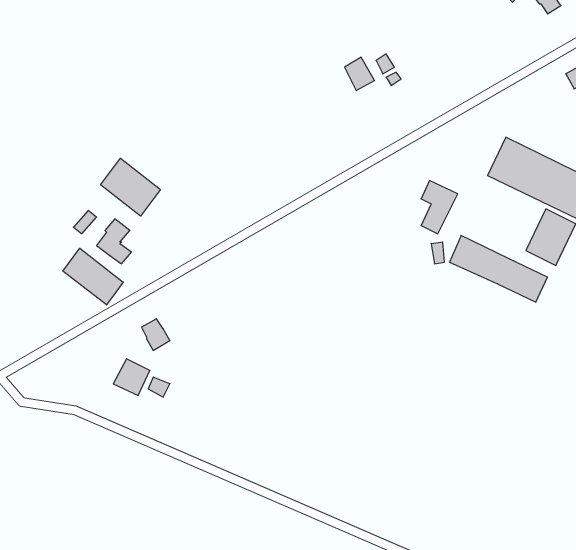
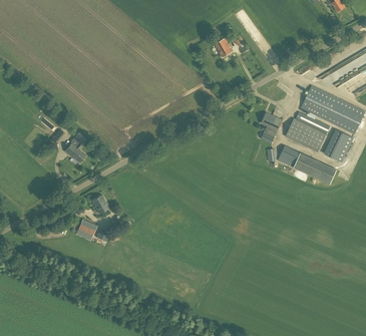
building: [101,158,160,216] -> none
building: none -> [284,110,329,150]
building: [63,248,123,305] -> none

